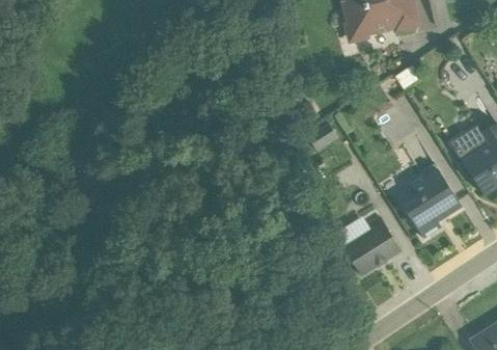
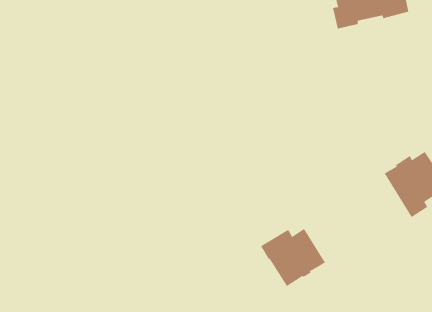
building: [333,215,401,275] -> [260,228,326,287]

